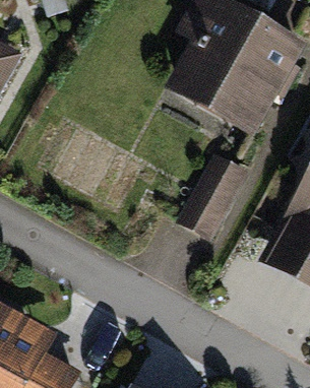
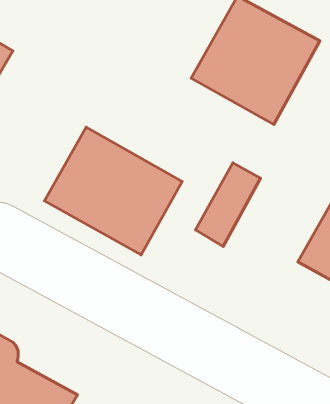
building: none -> [44,127,182,255]

